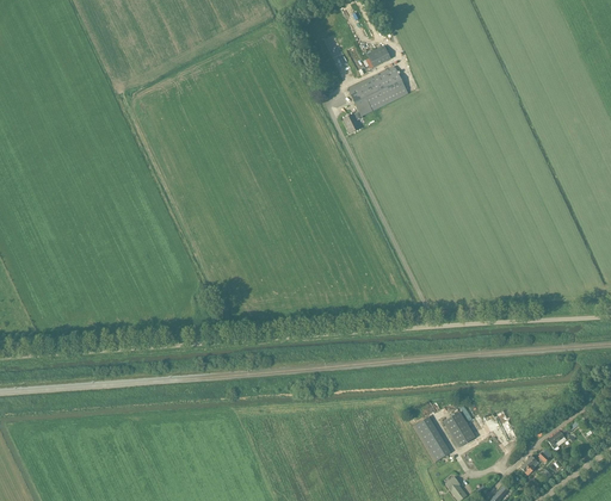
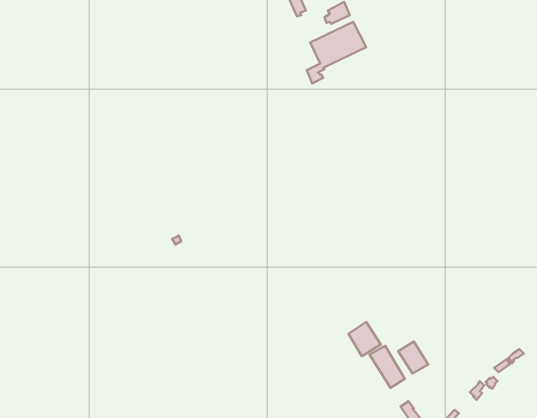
building: none -> [348,322,381,356]

